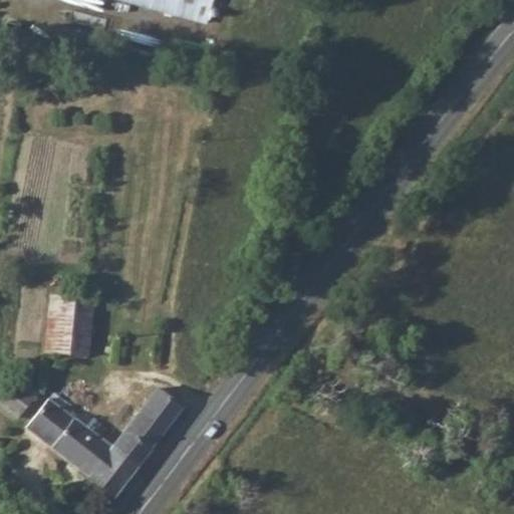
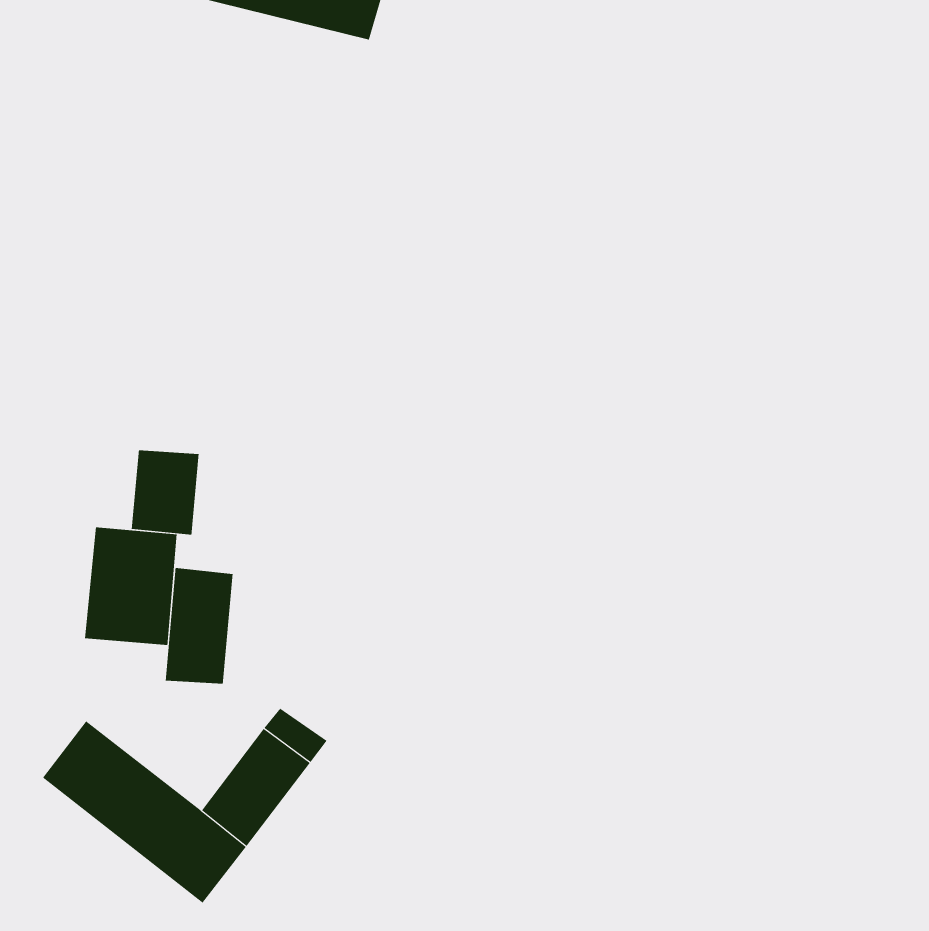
building: none -> [131,449,199,536]
building: none -> [165,567,233,685]

